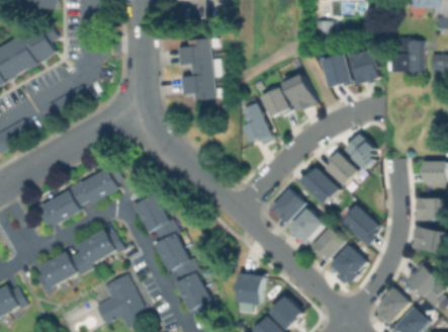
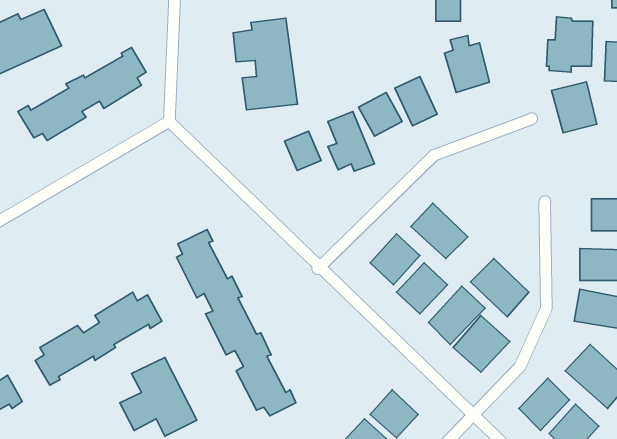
building: [349,49,380,84] -> [552,82,597,133]
building: none -> [285,131,321,170]
building: [344,133,379,169] -> none
building: [327,153,360,187] -> none
building: [35,161,124,226] -> [18,47,146,141]
building: [238,272,265,306] -> none

